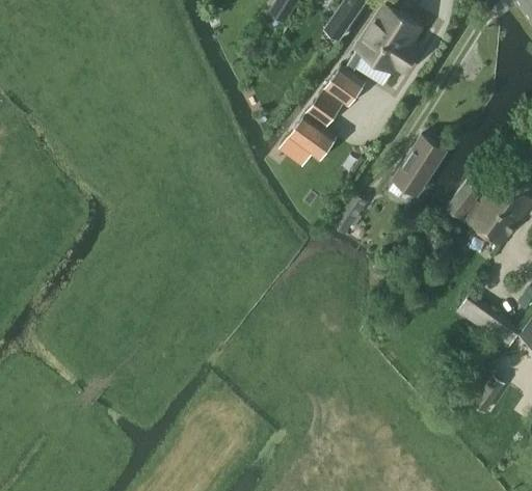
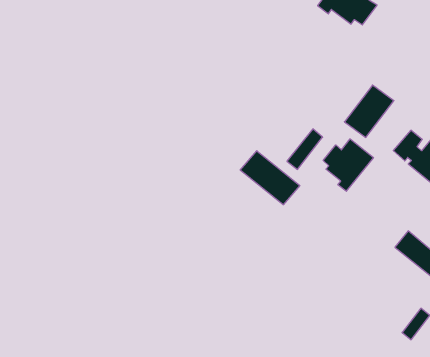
building: [288,66,367,164] -> none
building: none -> [323,139,373,191]
building: none -> [240,151,300,205]

